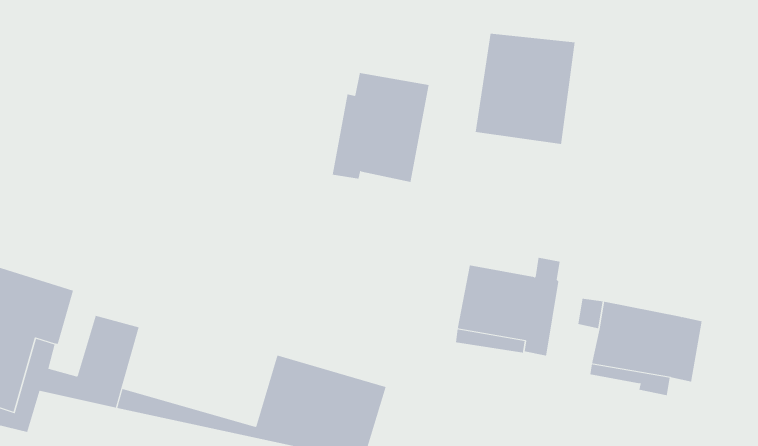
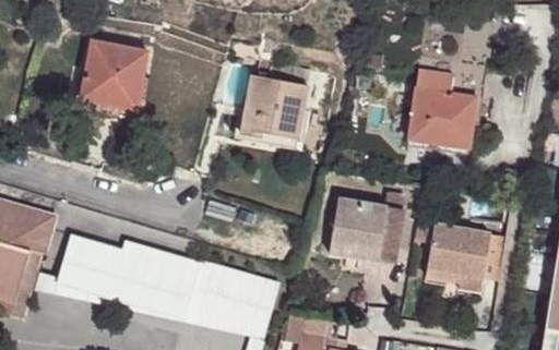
building: [475,33,575,144] -> [407,69,479,148]
building: none -> [81,40,148,110]
building: none -> [90,240,201,313]

